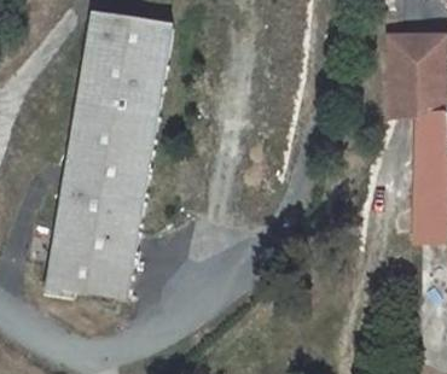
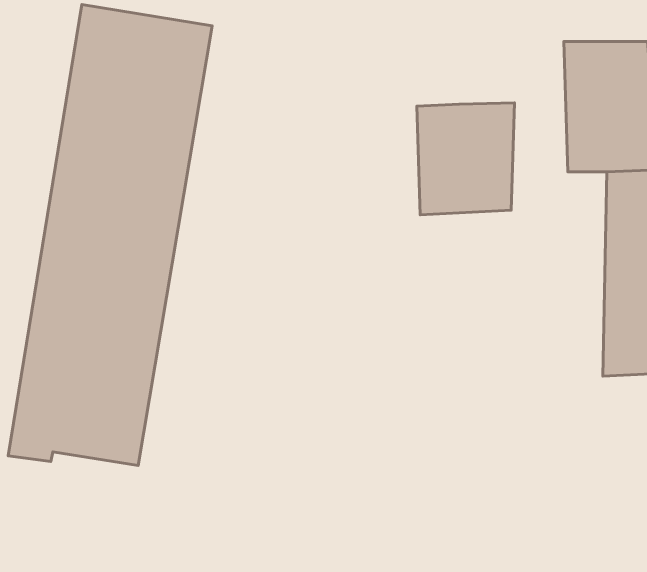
building: none -> [417,103,515,215]

